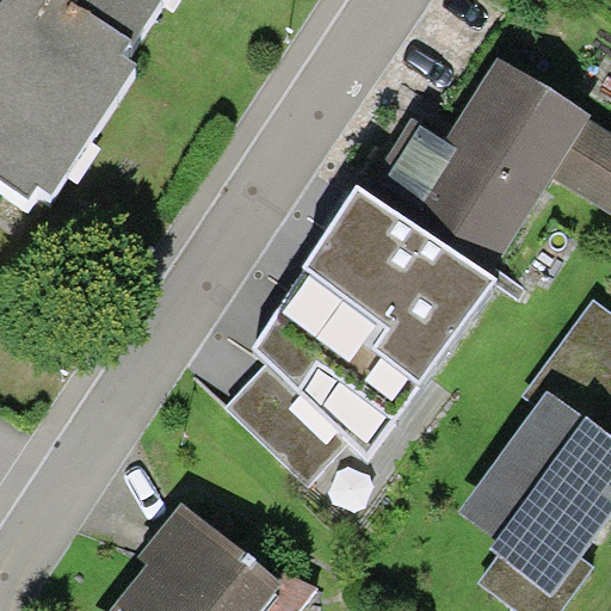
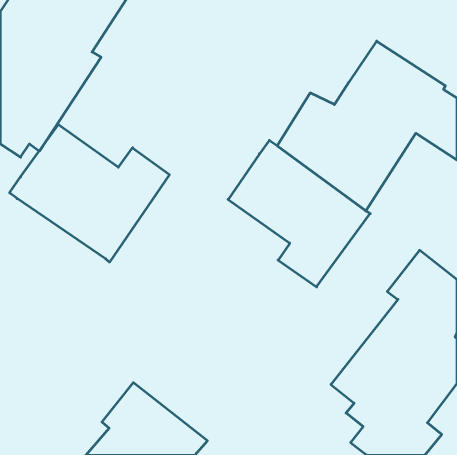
building: none -> [10,125,169,262]
building: [228,266,422,483] -> none

